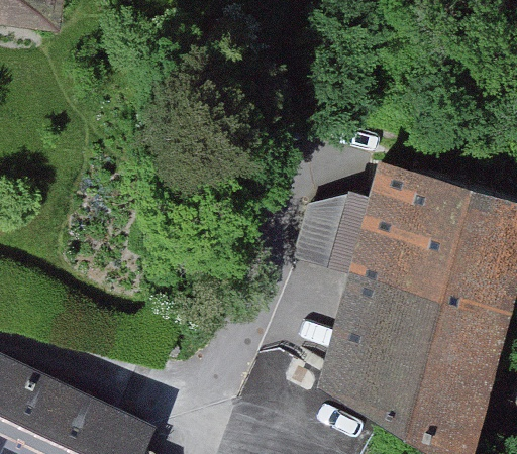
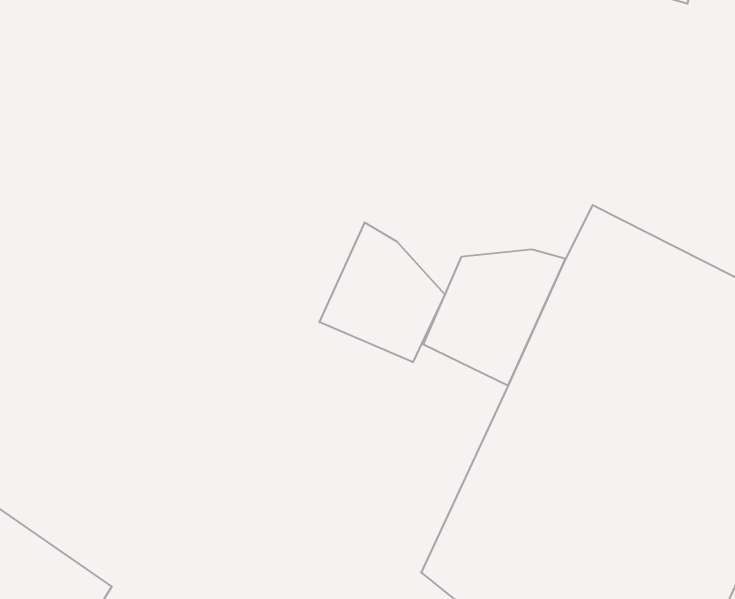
building: none -> [319,222,445,362]

